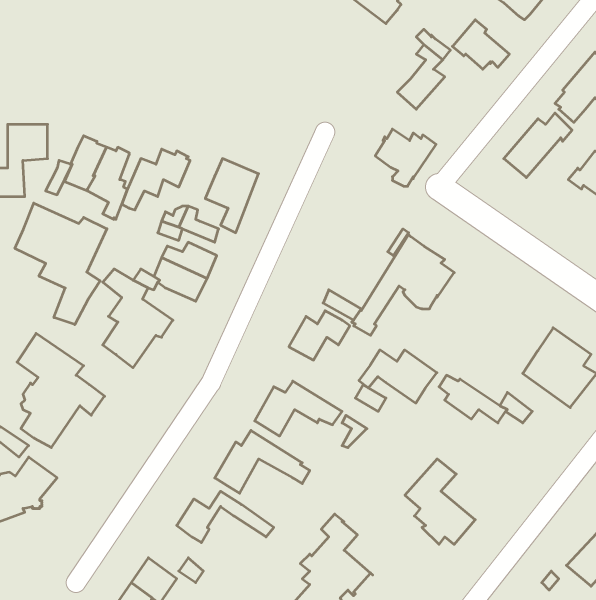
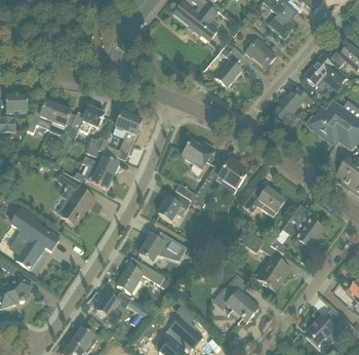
building: [375,129,436,186] -> [182,141,214,171]
building: [15,203,107,325] -> none
building: [359,350,437,403] -> [242,188,284,216]
building: none -> [257,257,289,290]

